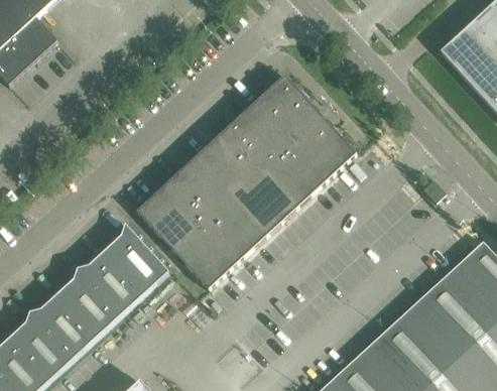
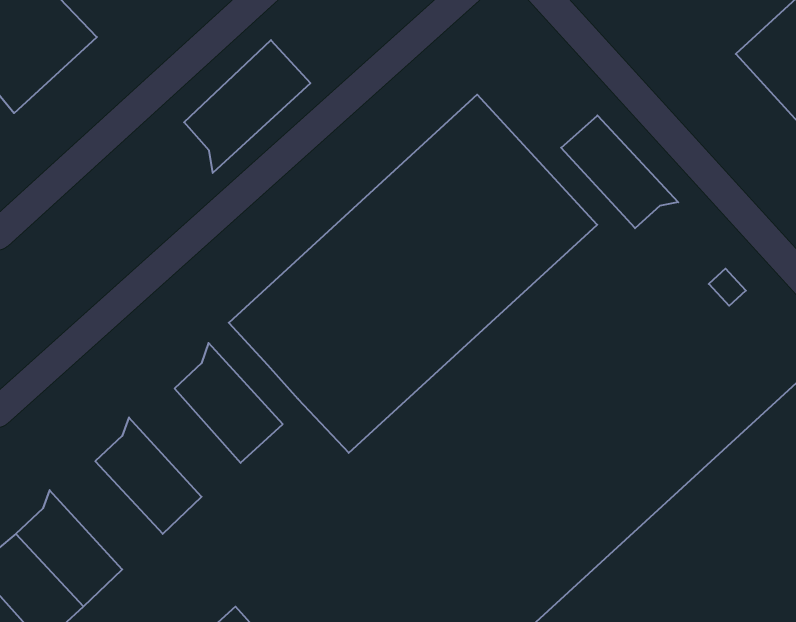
building: none -> [184,40,310,173]
building: none -> [561,115,678,228]
building: [78,251,144,315] -> none
building: [30,294,98,359] -> none

